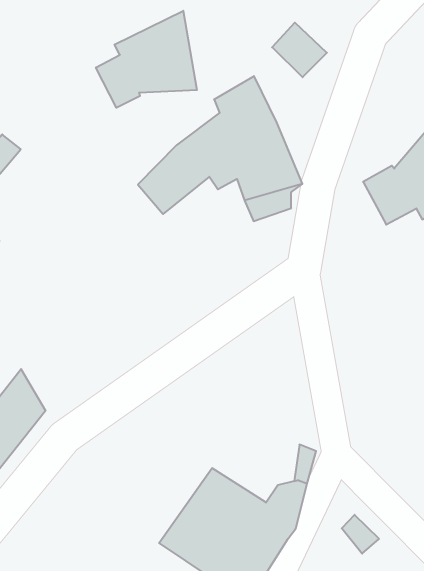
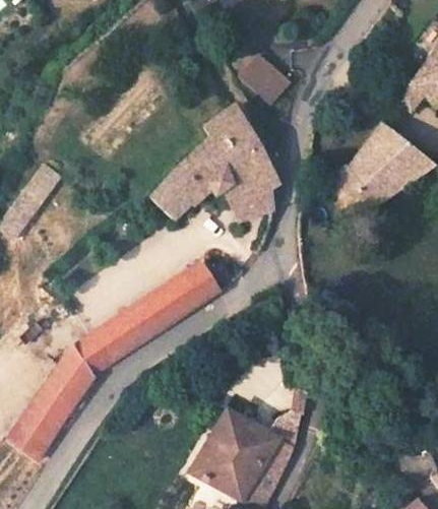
building: [96,11,197,108] -> none
building: none -> [73,261,233,375]

